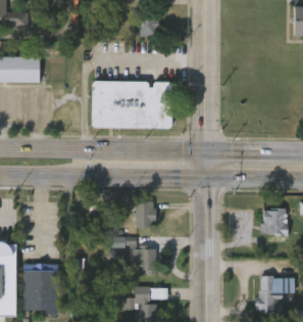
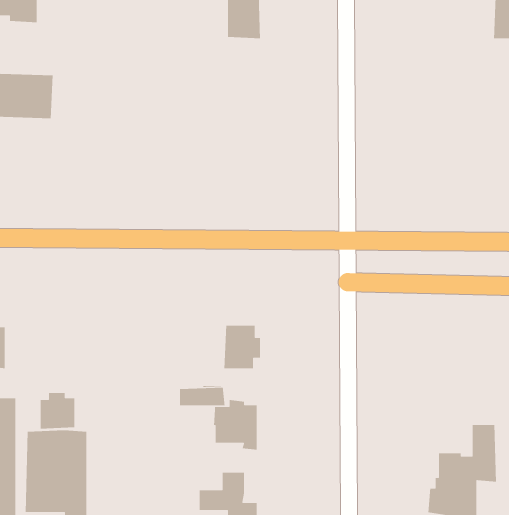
building: [90,82,171,130] -> none
building: [259,206,287,236] -> none
building: none -> [40,392,75,430]

